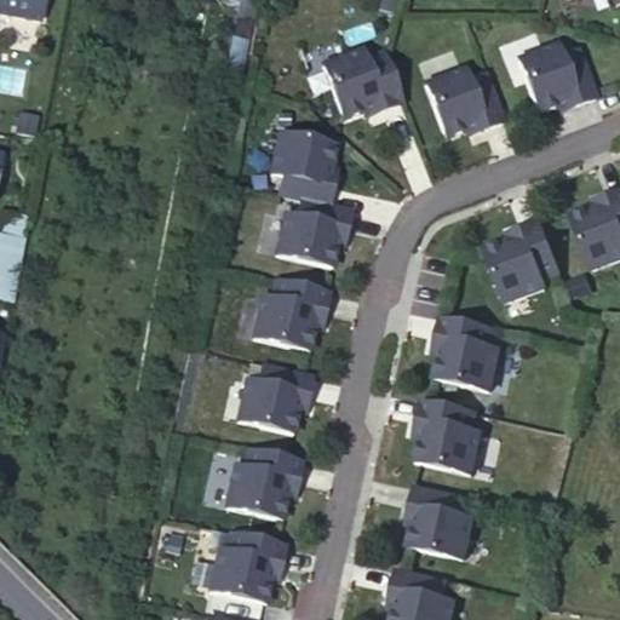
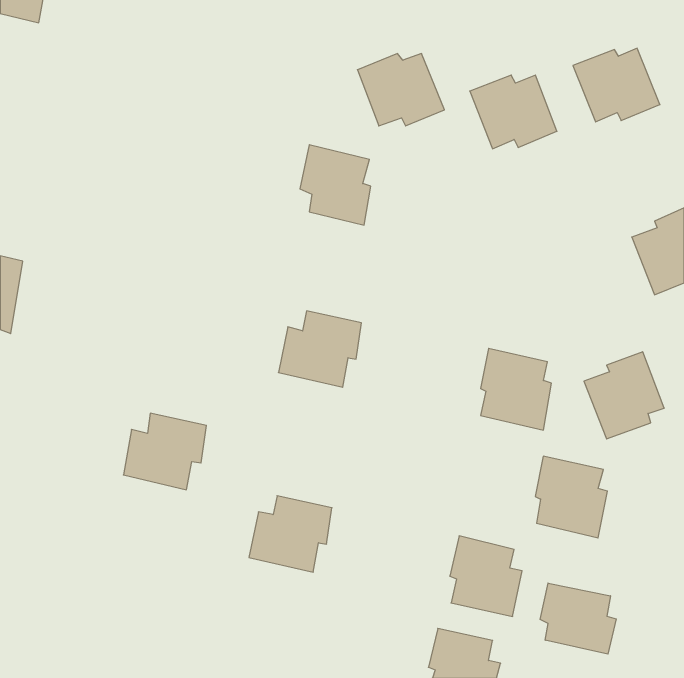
building: [276,197,351,266] -> none
building: [486,219,558,298] -> [584,352,664,439]
building: [236,363,311,432] -> [123,413,206,490]
building: [414,398,480,472] -> [535,456,607,538]
building: none -> [540,583,616,654]
building: [208,533,283,602] -> none

